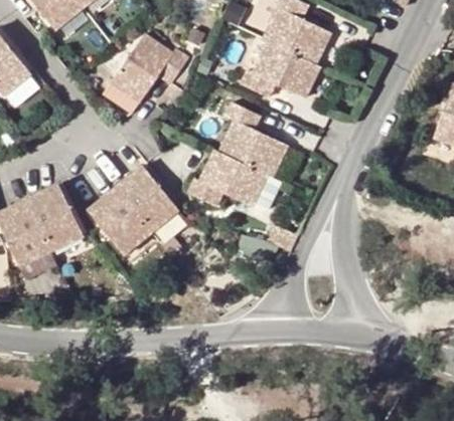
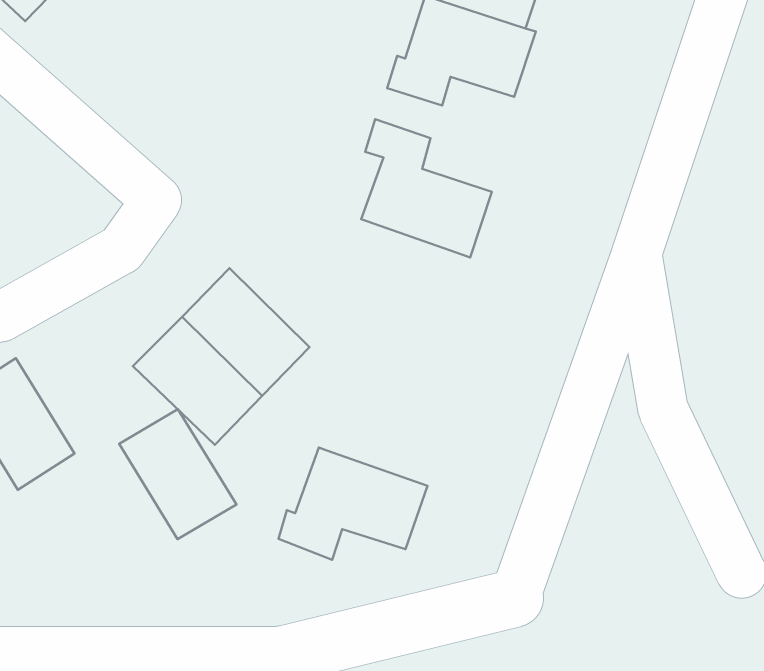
building: [109,39,175,103] -> none
building: [184,149,264,207] -> [278,448,428,560]
building: [29,187,86,253] -> [119,409,236,539]

